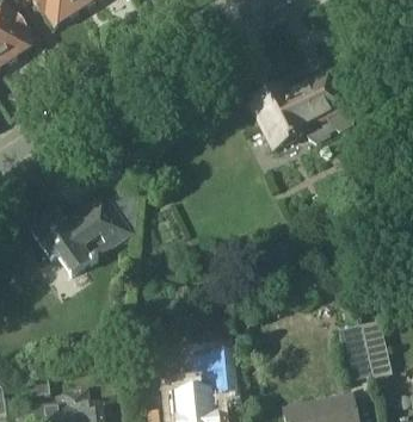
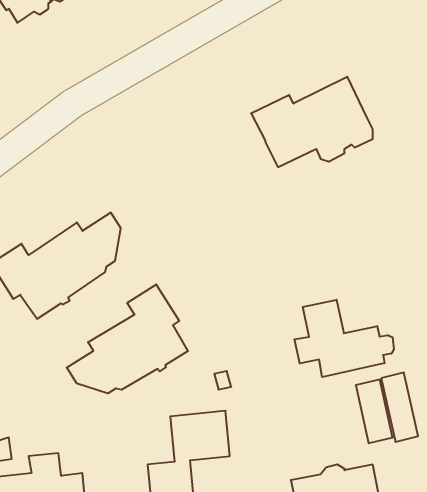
building: none -> [67,284,188,393]
building: none -> [294,300,394,377]

